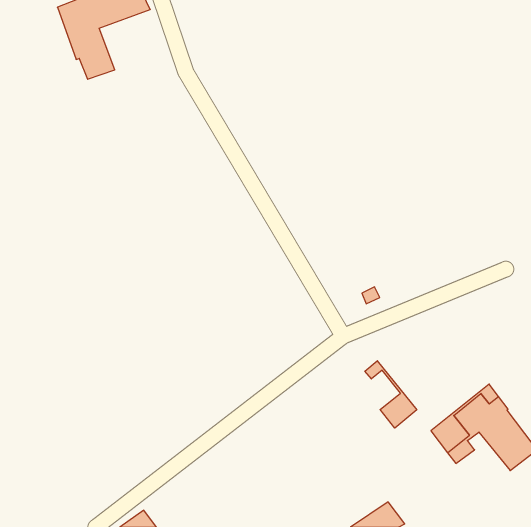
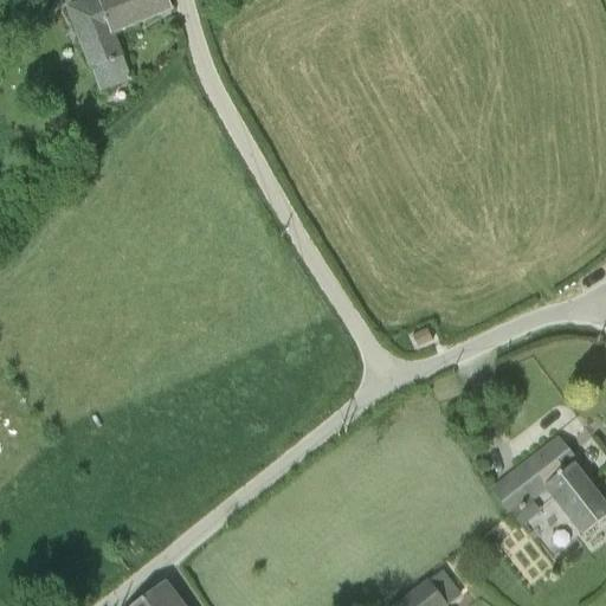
building: [365,361,417,428] -> none

